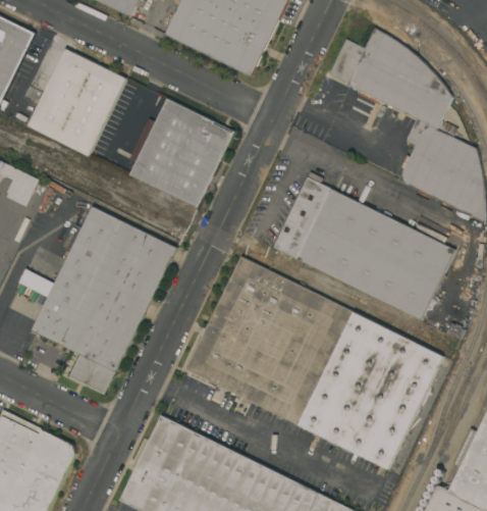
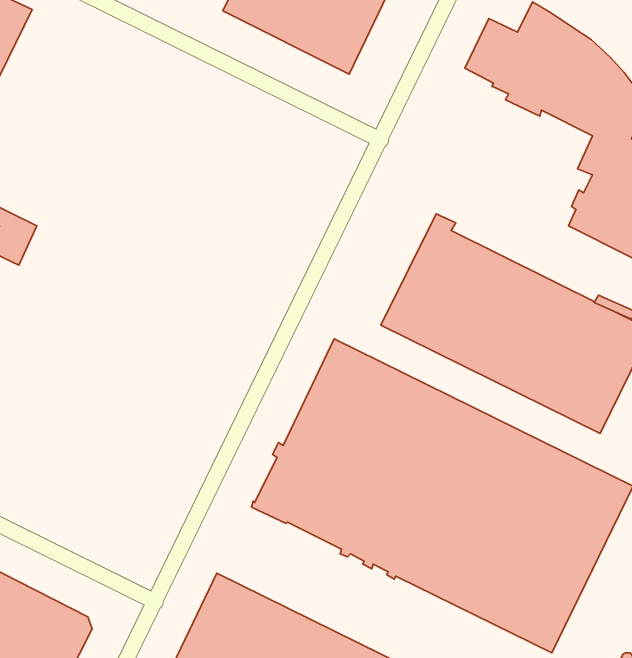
building: [28,48,126,156] -> none
building: [129,98,233,207] -> none
building: [19,206,176,395] -> none

